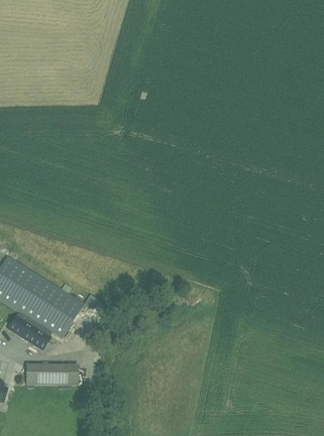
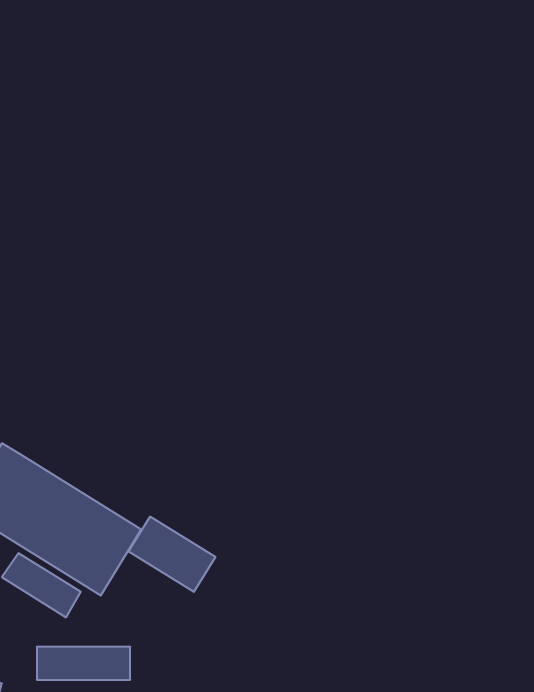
building: none -> [129,517,215,592]

